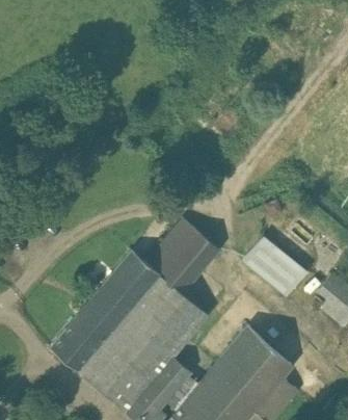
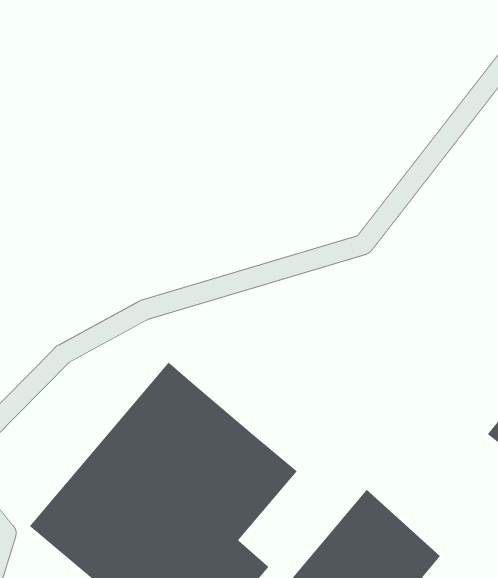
building: [146,220,218,294] -> none
building: [244,239,305,295] -> none

